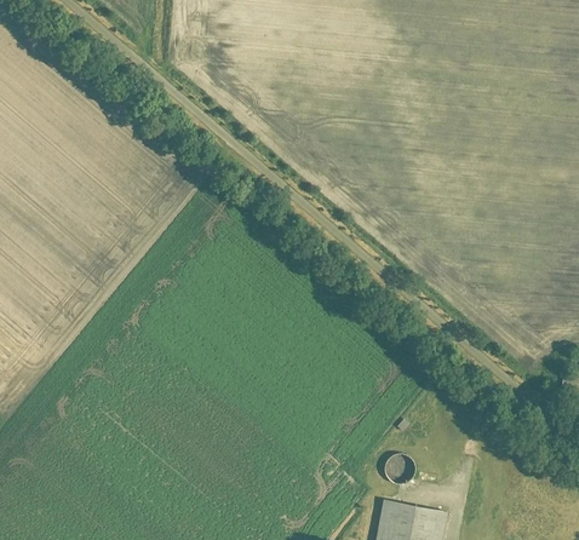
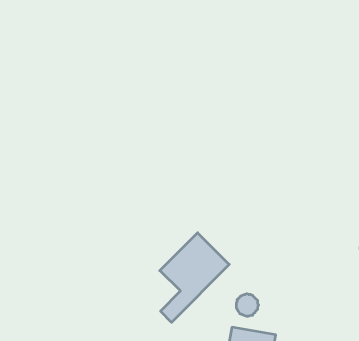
building: none -> [160,233,229,322]

